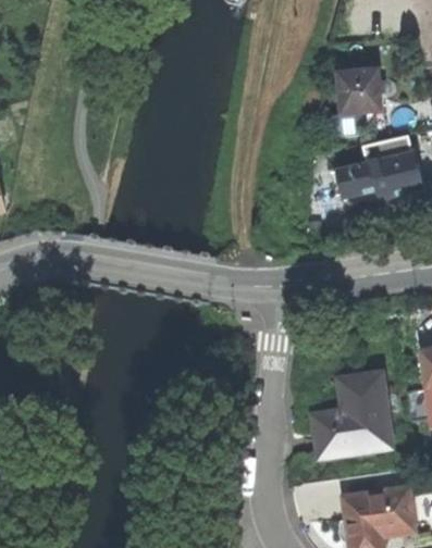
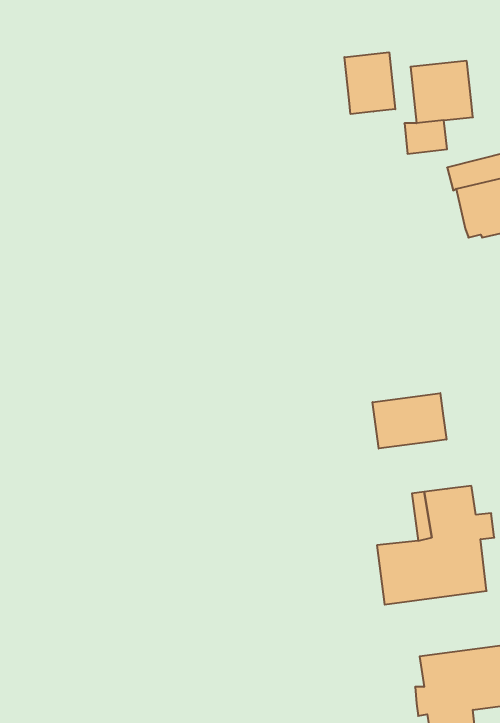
building: none -> [344,52,395,114]
building: [335,161,374,197] -> none
building: none -> [373,393,446,449]

